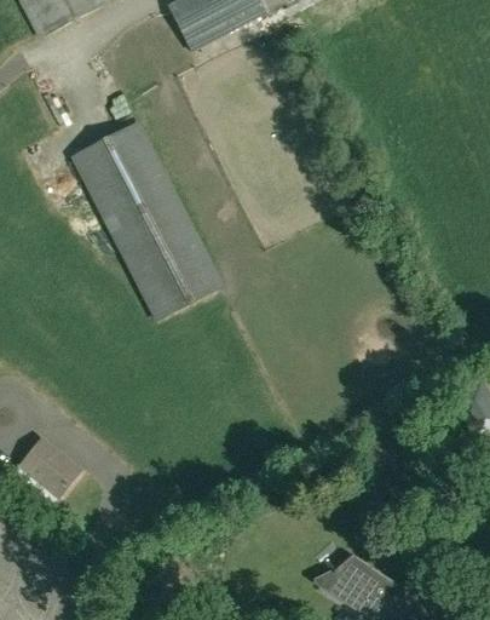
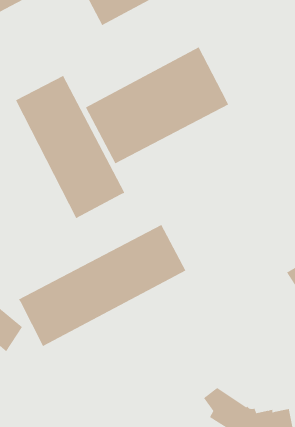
building: none -> [85,46,229,164]
building: none -> [18,224,186,347]

